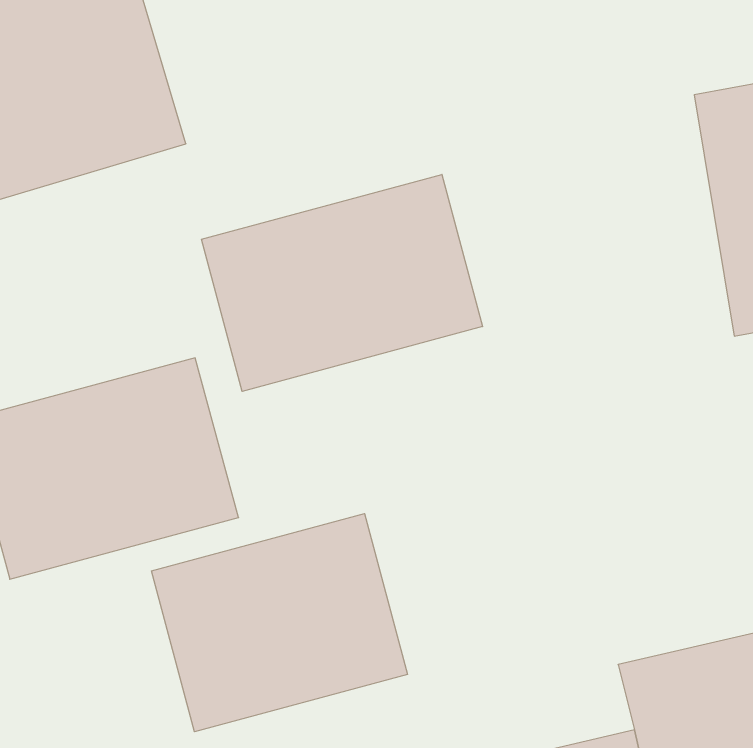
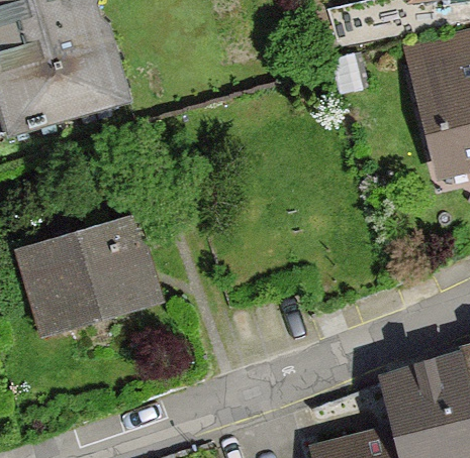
building: [201,174,483,391] -> none
building: [152,514,408,732] -> none

